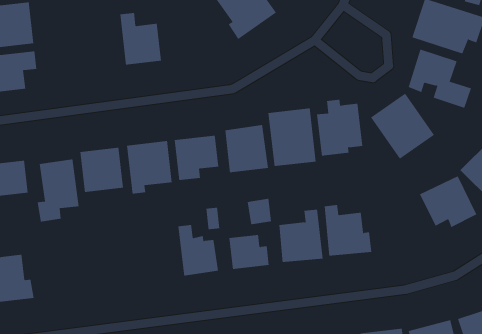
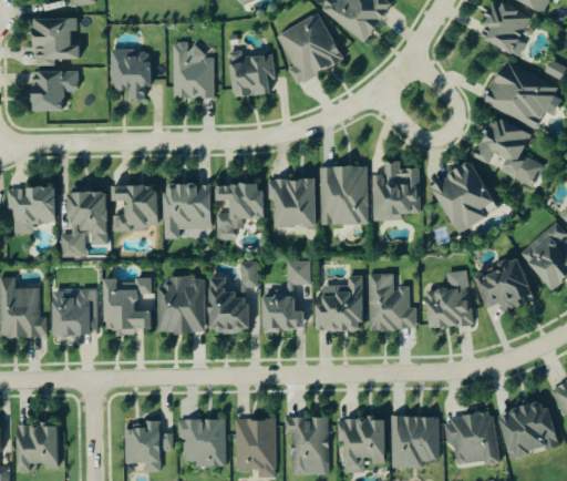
building: none -> [228,50,275,96]
building: none -> [111,50,150,99]
building: none -> [425,285,472,329]
building: none -> [157,276,204,332]
building: none -> [103,277,151,334]
building: none -> [53,288,99,334]

